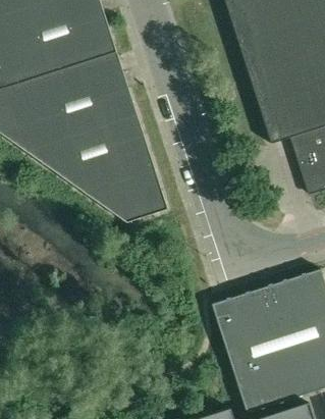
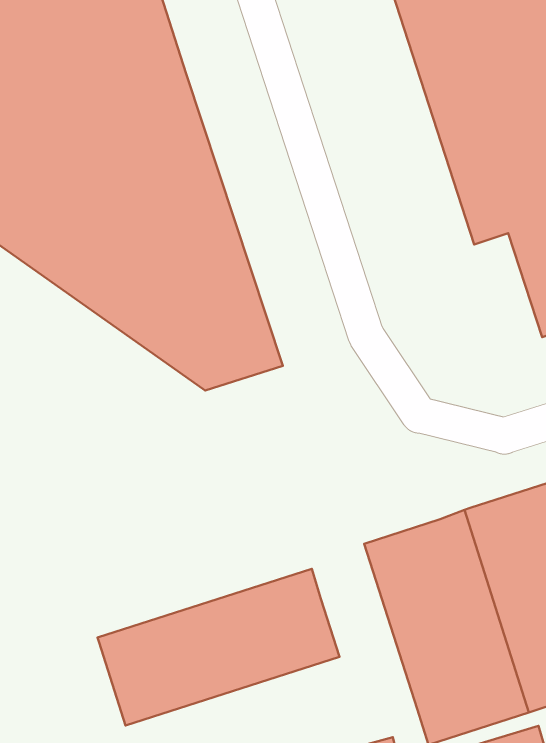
building: none -> [98,569,340,726]

